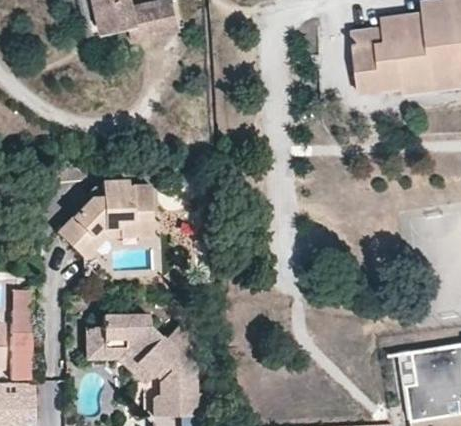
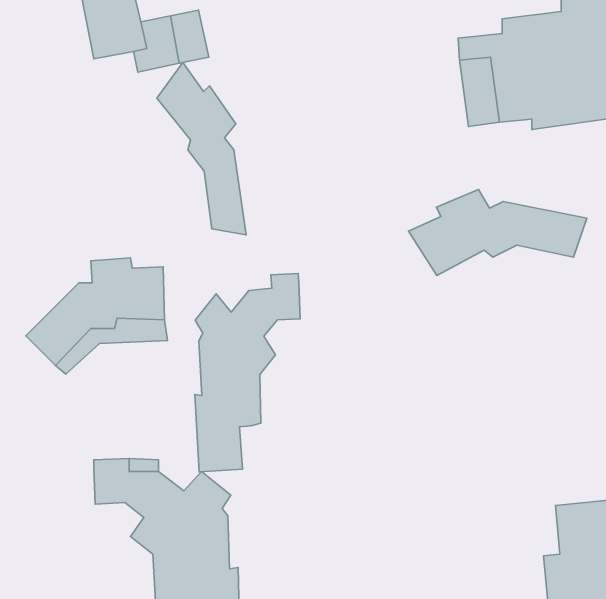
building: none -> [157,62,246,235]
building: none -> [409,189,587,276]
building: none -> [195,274,300,472]
building: [86,322,137,368] -> none

